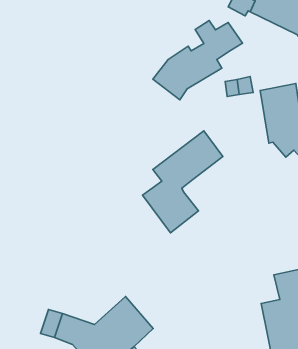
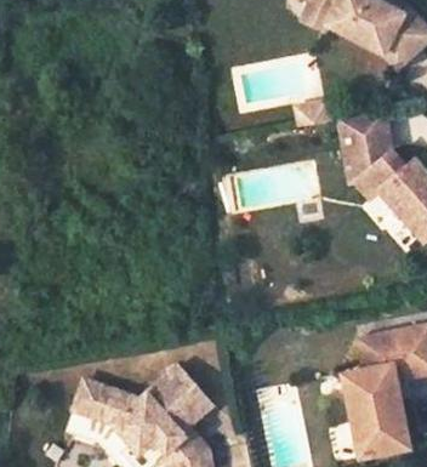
building: [153,21,242,100] -> none
building: [142,131,223,233] -> none

